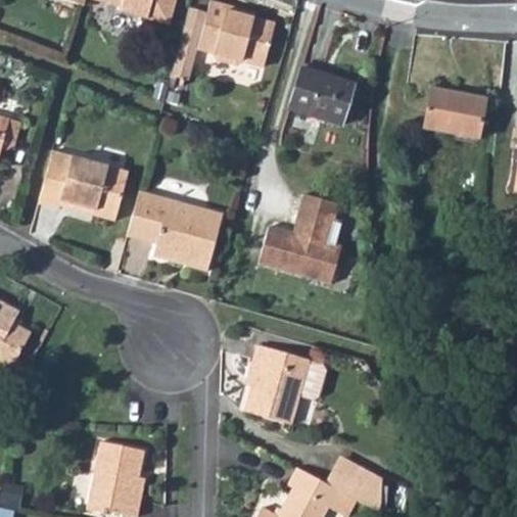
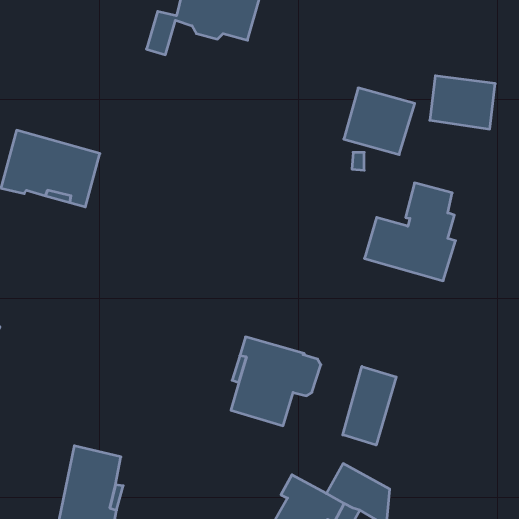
building: [291,63,357,125] -> [344,88,415,155]
building: [123,189,218,269] -> none
building: [252,191,336,281] -> [364,183,456,281]
building: none -> [343,366,396,445]

